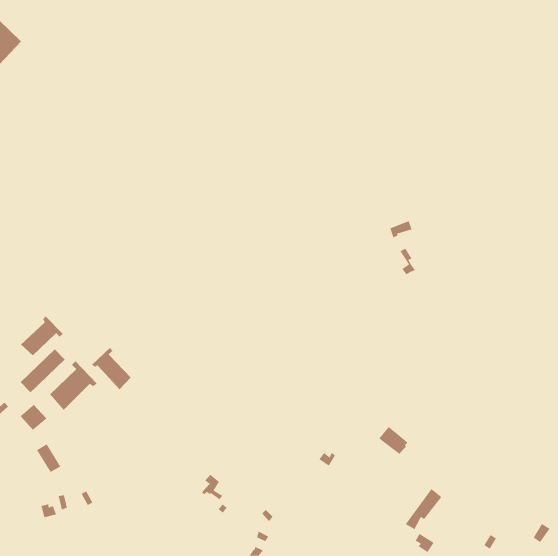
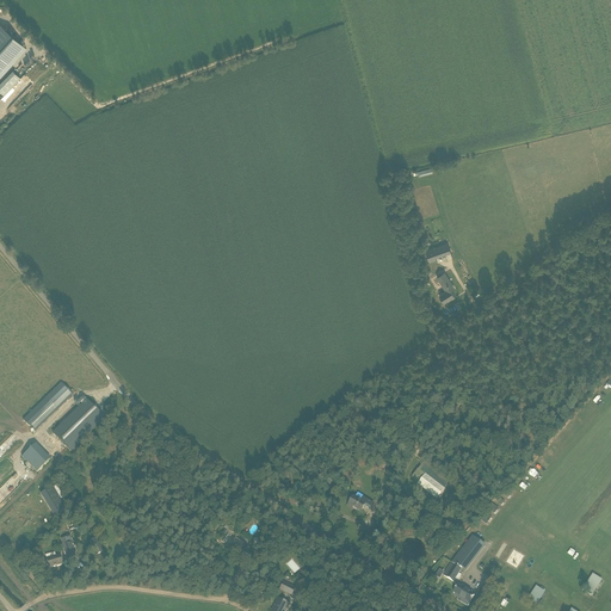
building: [20,316,63,356] -> none
building: [91,347,132,390] -> none

